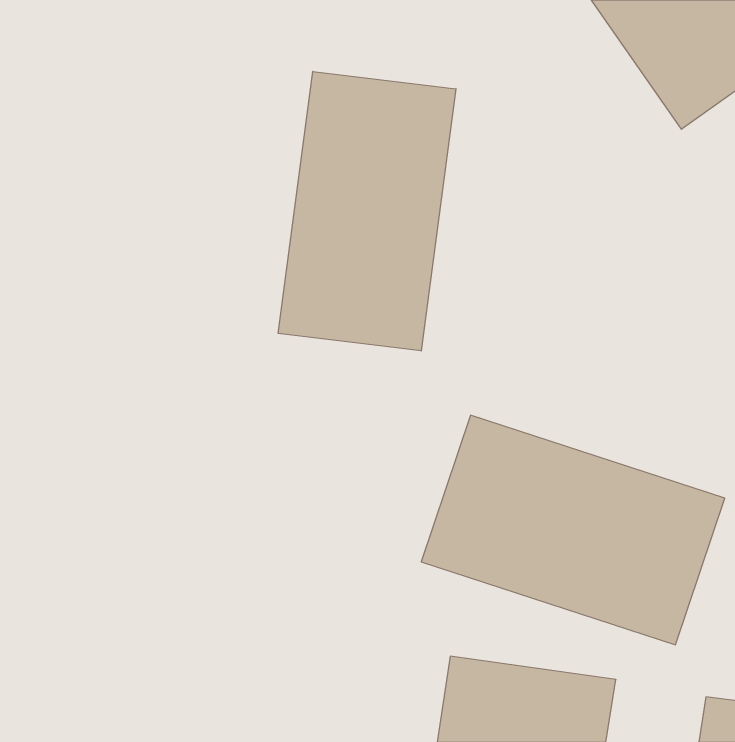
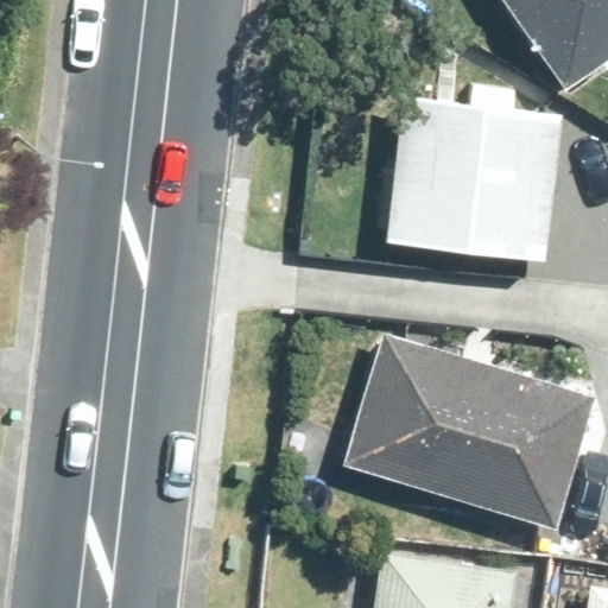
building: [278,71,456,351] -> none
building: none -> [395,103,557,261]

